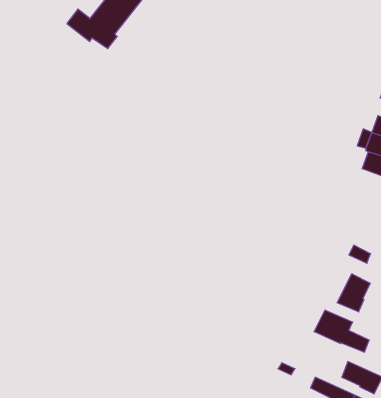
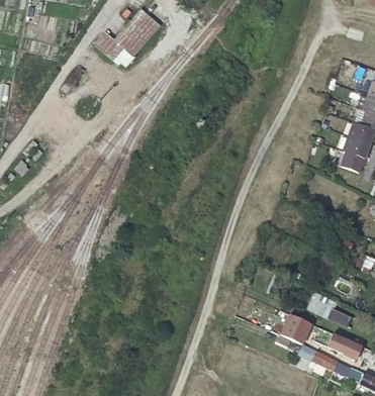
building: [337,274,370,312] -> none
building: none -> [279,313,309,342]

